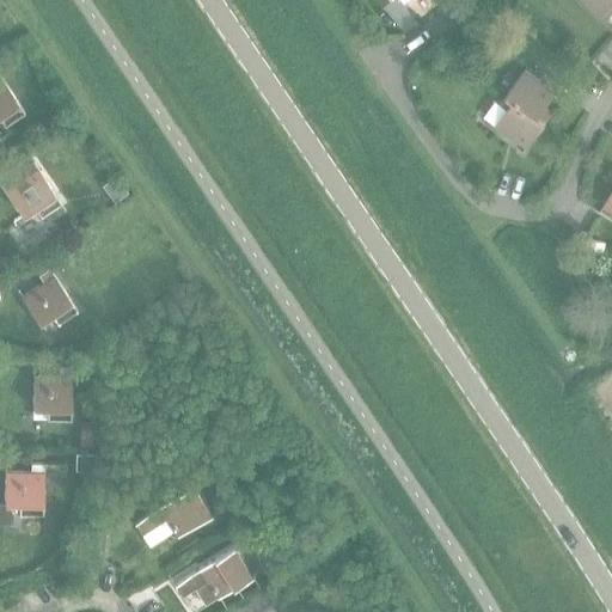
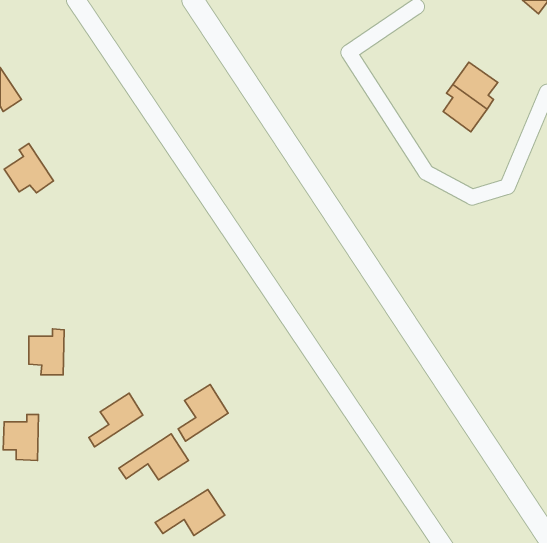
building: [22,271,76,328] -> none
building: none -> [178,384,228,441]
building: none -> [89,393,143,447]

